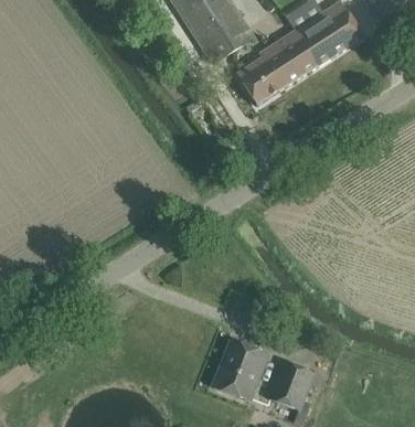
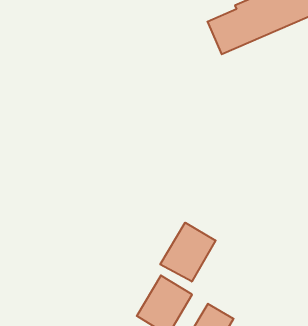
building: none -> [160,223,216,282]

